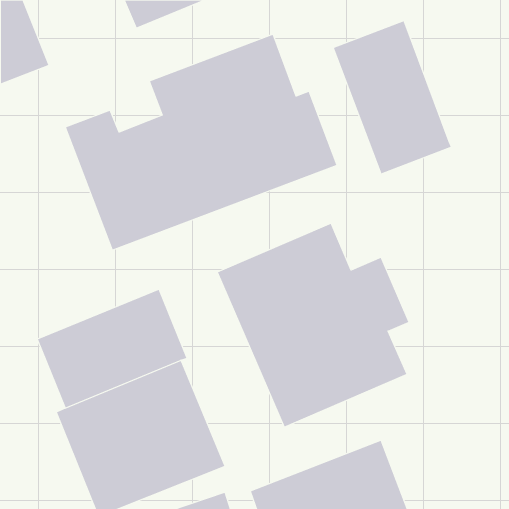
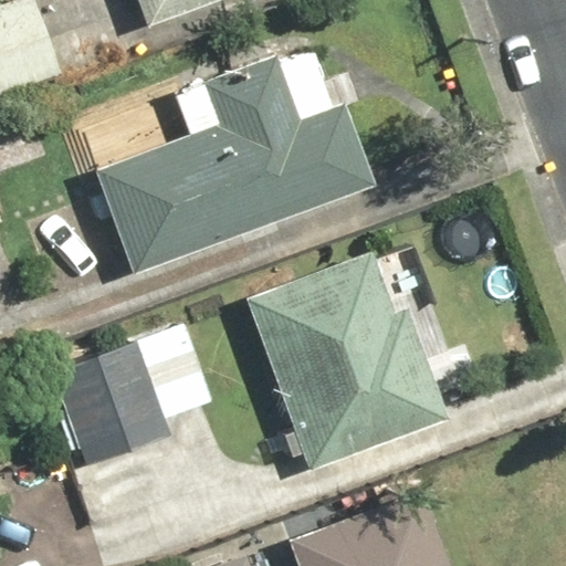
building: [333,20,452,174] -> none

